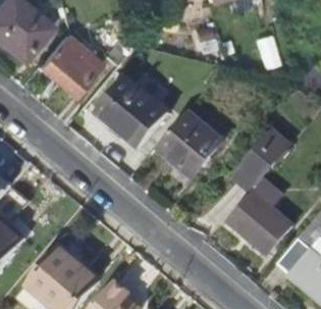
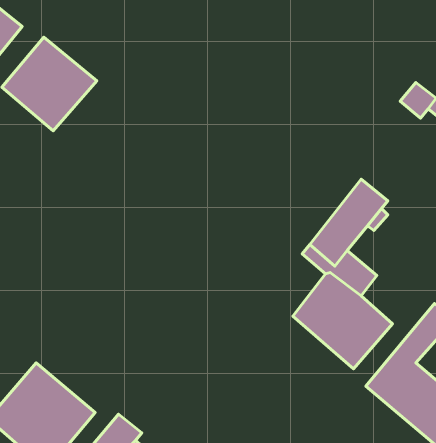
building: [96,75,169,147] -> none
building: [156,111,221,177] -> none

